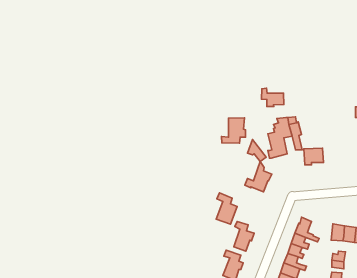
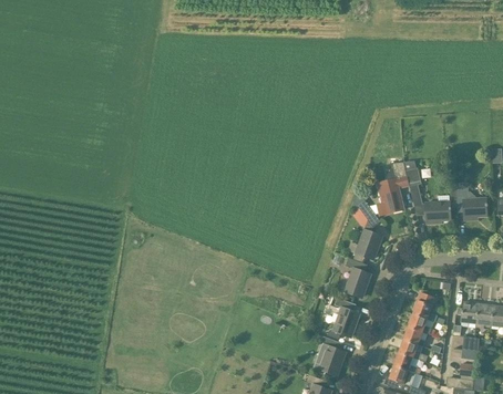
building: [261,88,284,107] -> none
building: [221,118,245,143] -> none
building: none -> [455,182,486,220]
building: [216,193,237,224] -> [343,257,371,298]

